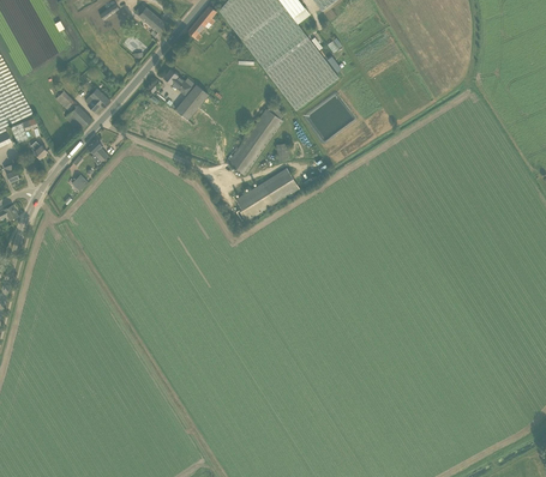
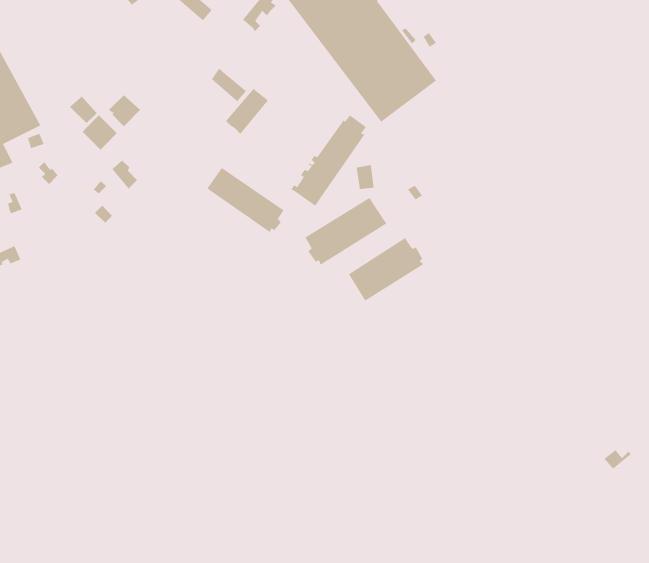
building: none -> [206,167,284,233]
building: none -> [348,237,424,302]

